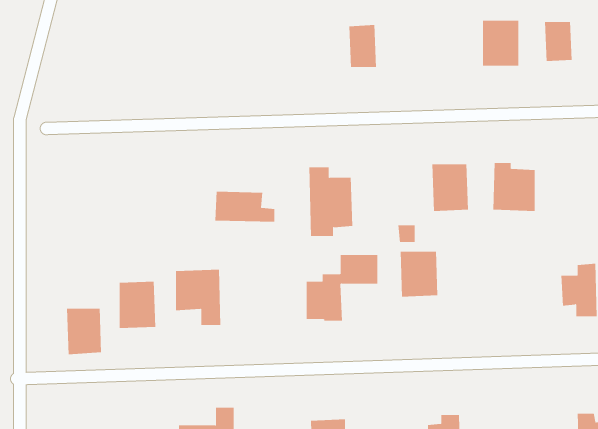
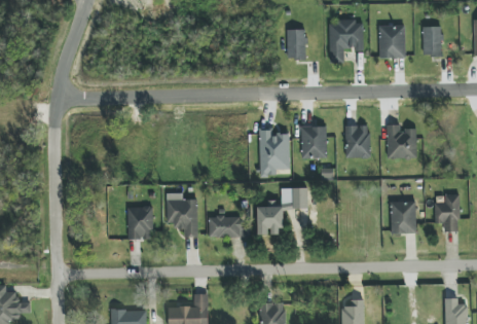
building: none -> [329,21,363,63]
building: [214,191,275,222] -> [208,216,250,238]
building: [400,251,438,297] -> [300,127,327,158]
building: none -> [391,201,416,233]
building: [67,308,101,355] -> none

